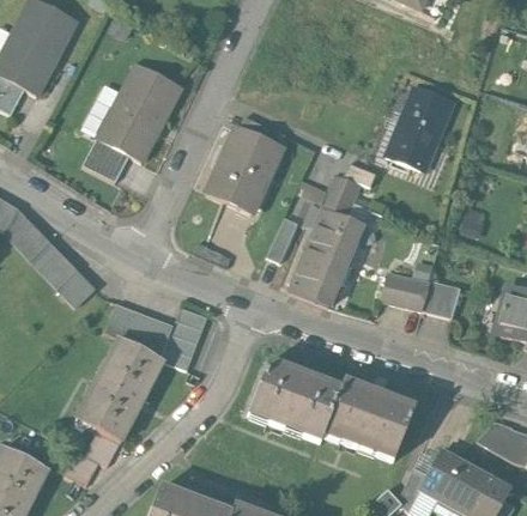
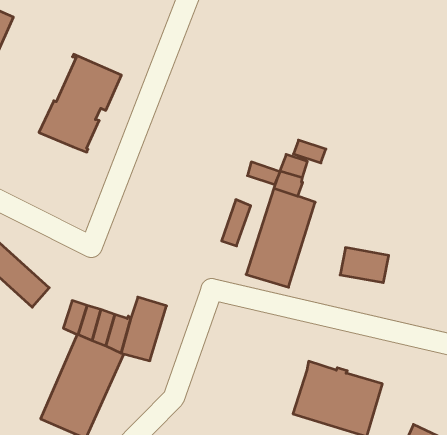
building: [387,89,452,170] -> none
building: [206,127,281,211] -> none
building: [83,136,128,180] -> none
building: [423,279,461,317] -> none
building: [250,362,341,439] -> none

